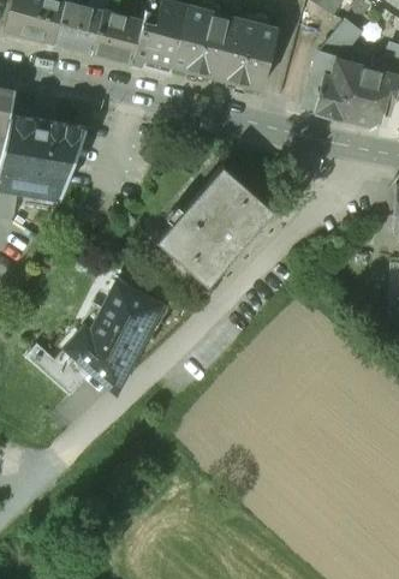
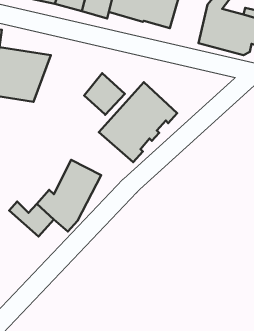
building: none -> [84,73,125,115]

